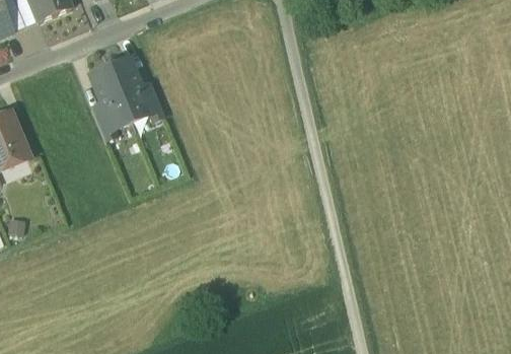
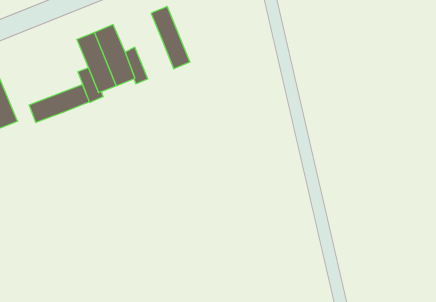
building: none -> [151,6,190,69]
building: none -> [29,84,89,123]

